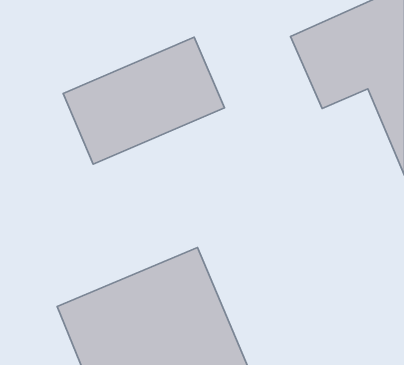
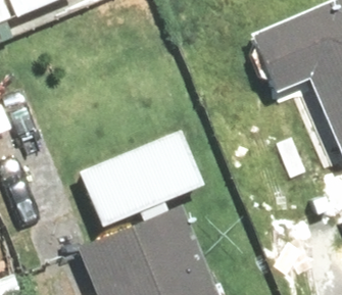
building: [63,37,224,164] -> [77,126,202,225]

